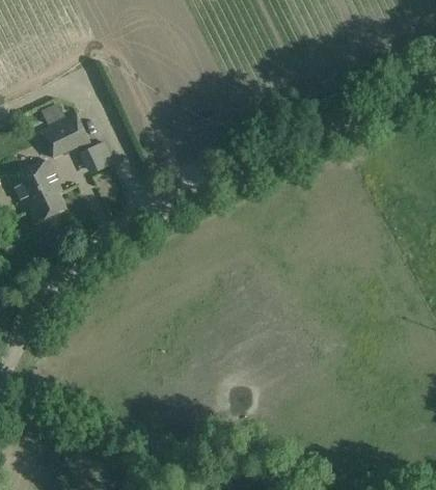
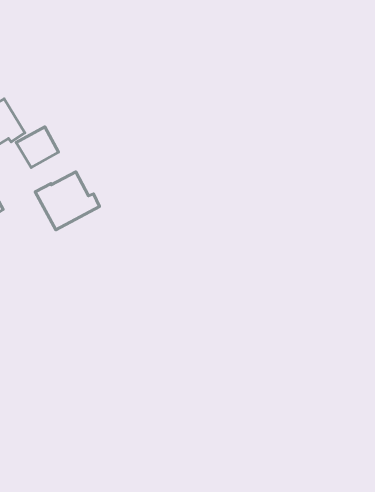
building: none -> [35,172,99,230]

